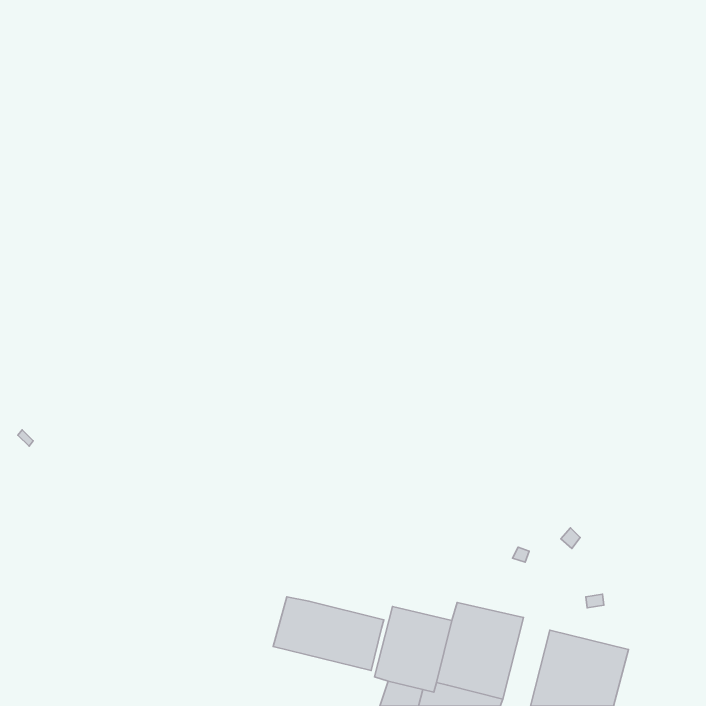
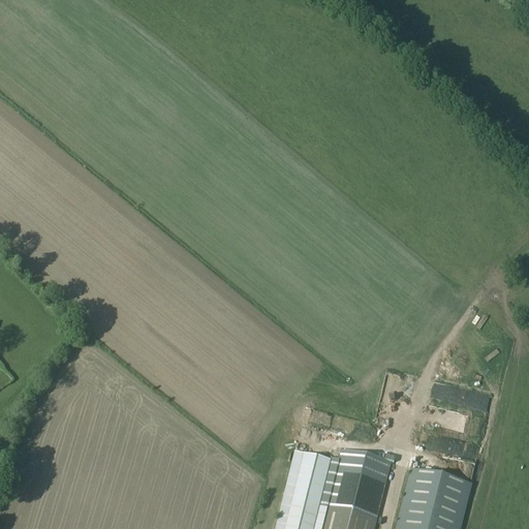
building: [273,597,384,670] -> none

